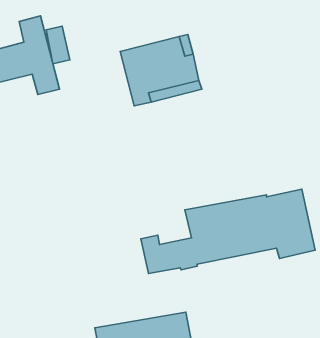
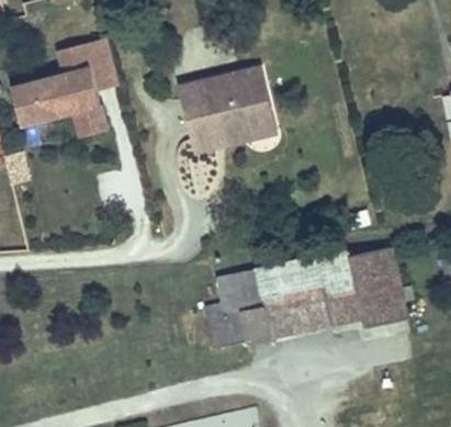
building: none -> [216,273,261,314]

